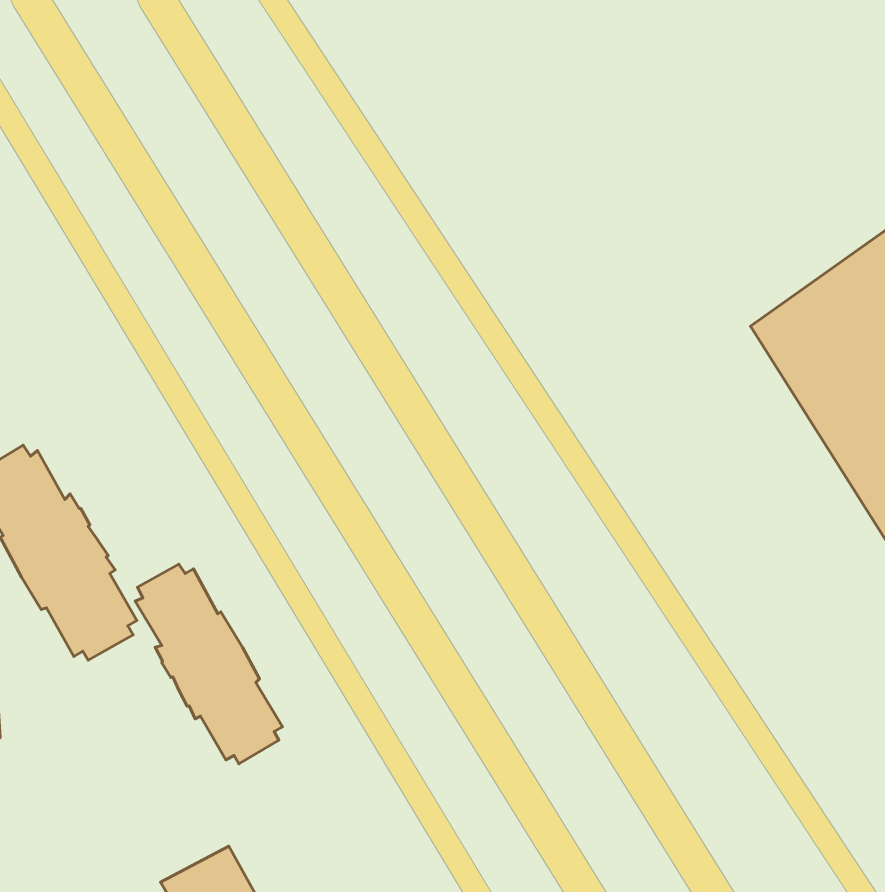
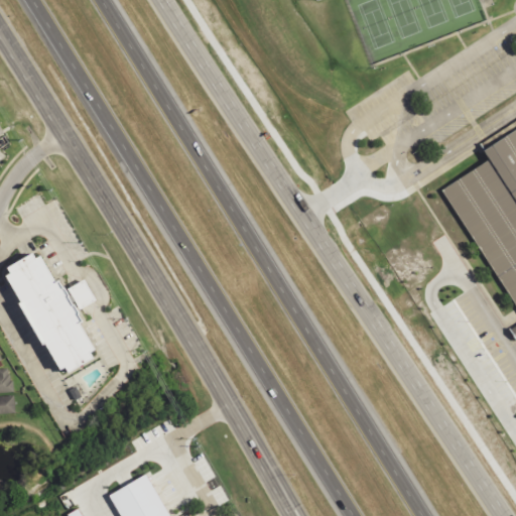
building: [135,564,282,764] -> none

